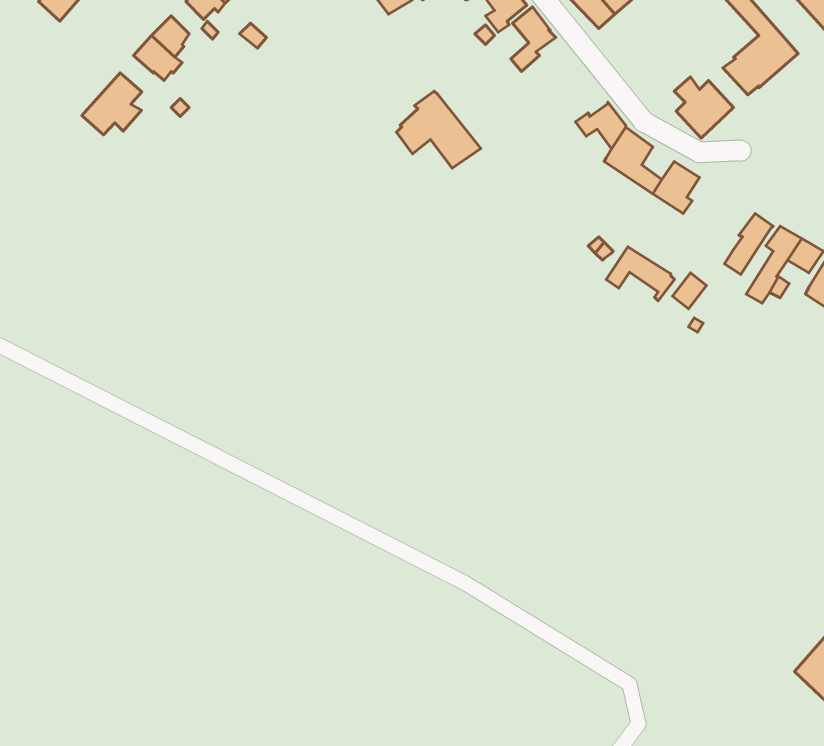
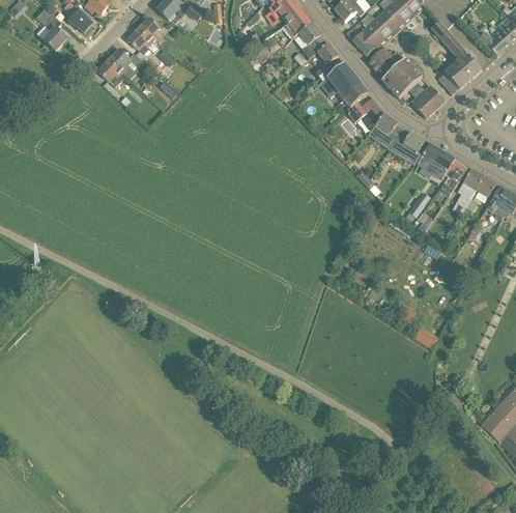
building: none -> [368,47,422,98]
building: [82,73,142,135] -> none
building: [396,91,481,168] -> [320,60,369,105]
building: [606,247,674,301] -> [418,143,457,174]

